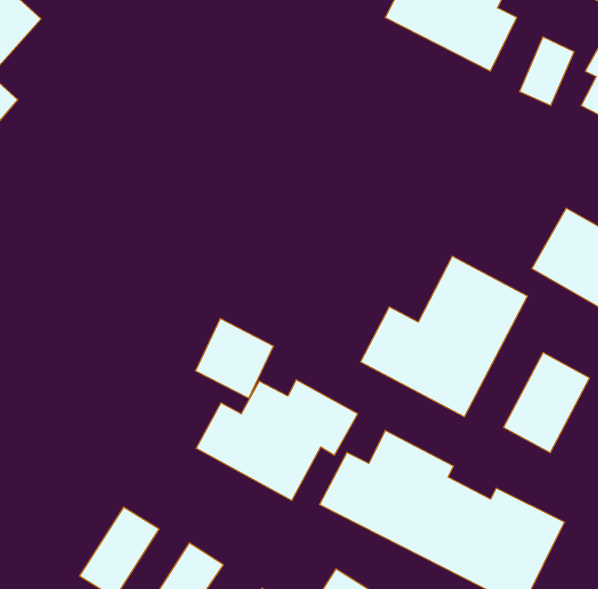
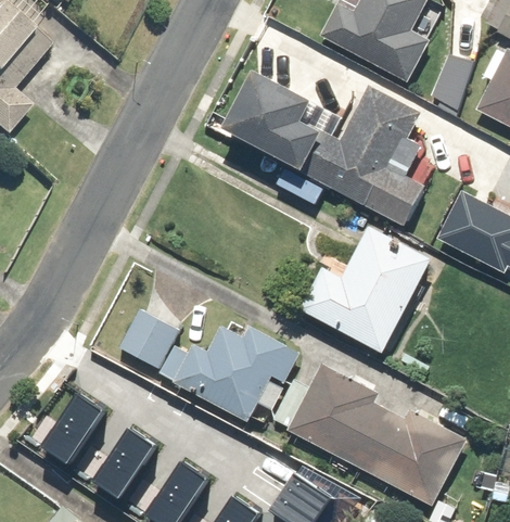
building: none -> [232,71,426,225]
building: [195,319,274,398] -> [115,307,177,370]
building: [504,353,589,453] -> none
building: none -> [31,394,93,466]

